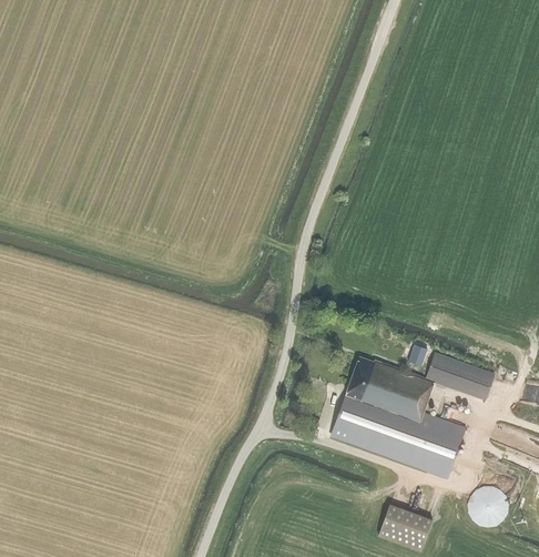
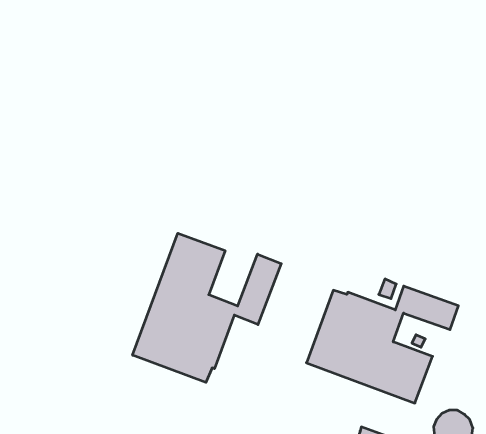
building: none -> [133,233,281,382]

